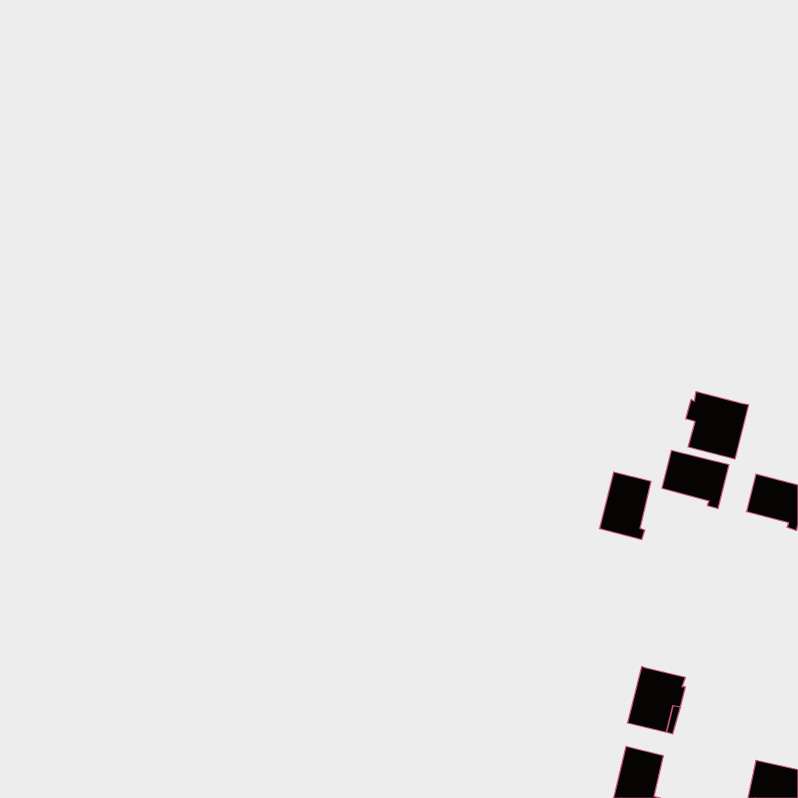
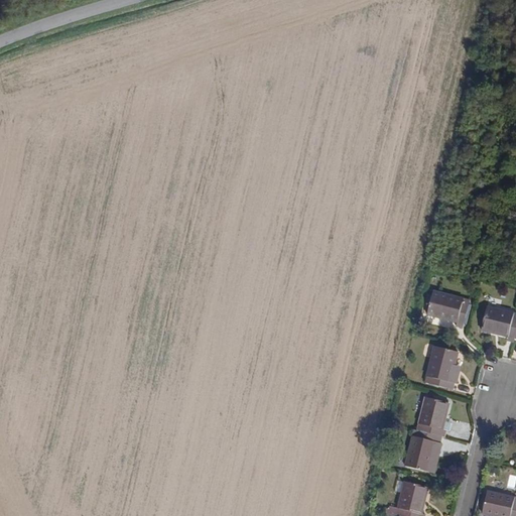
building: [686,392,748,459] -> none
building: [599,472,651,539] -> [424,346,458,389]
building: none -> [416,397,448,436]

